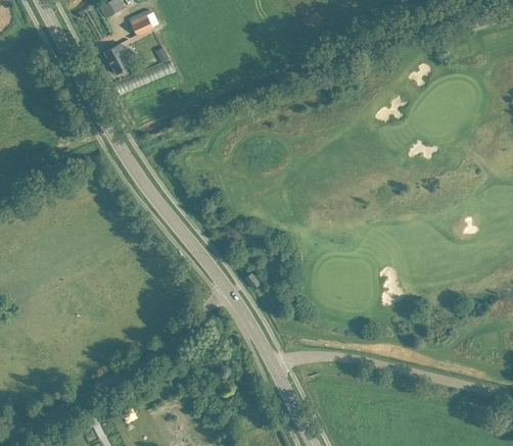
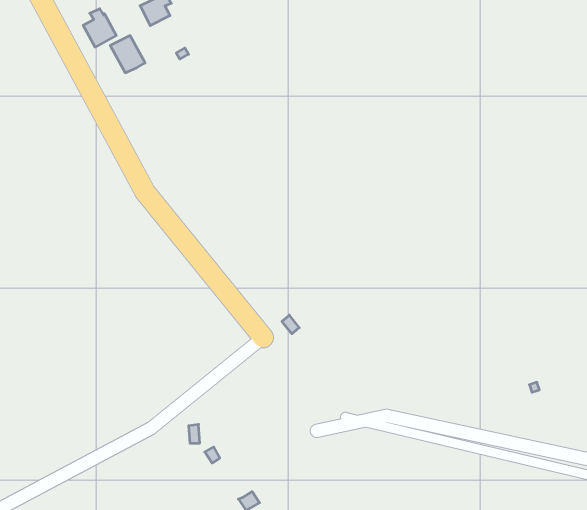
building: none -> [83,9,116,47]

